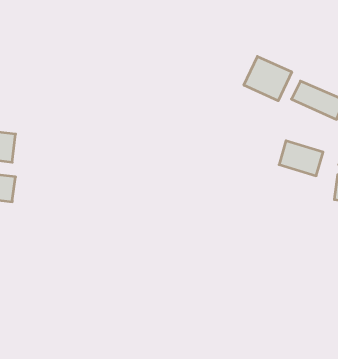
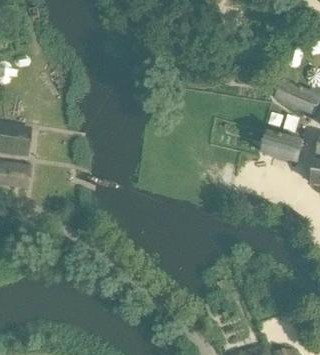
building: [244,56,292,101] -> none

